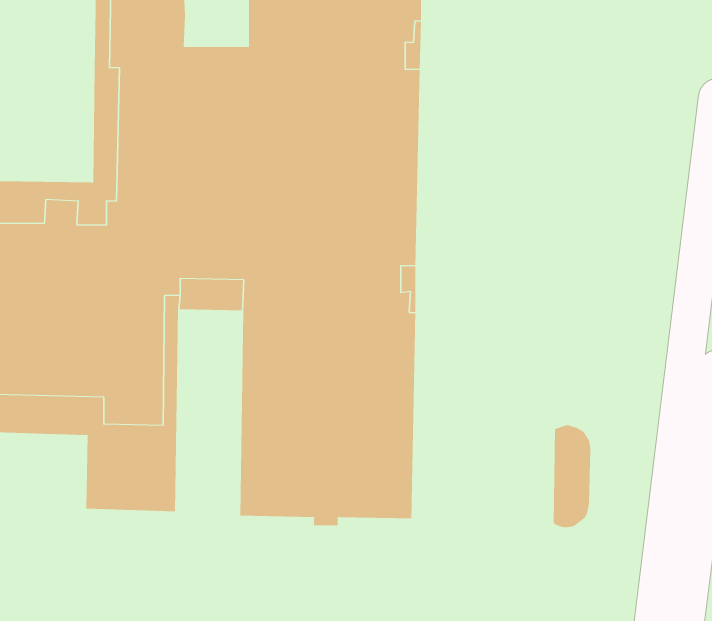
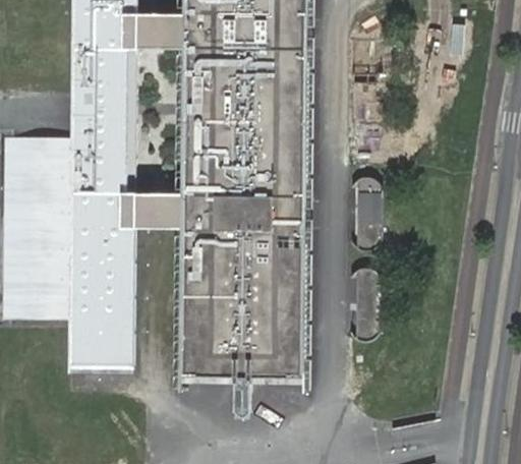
building: none -> [137,15,183,38]
building: none -> [353,177,381,250]
building: [553,425,591,528] -> [352,268,380,342]

